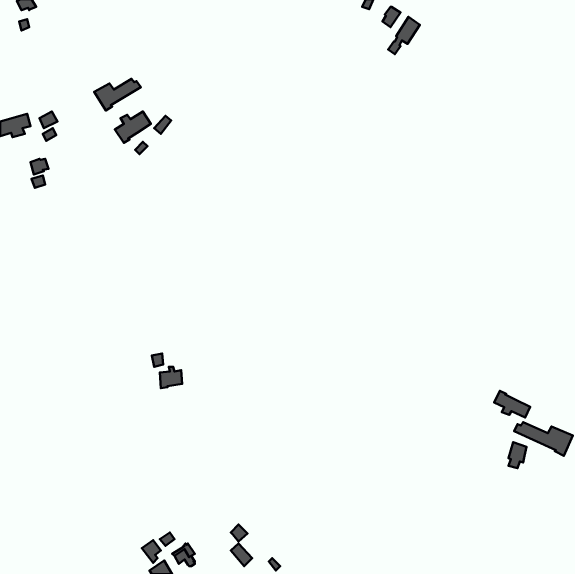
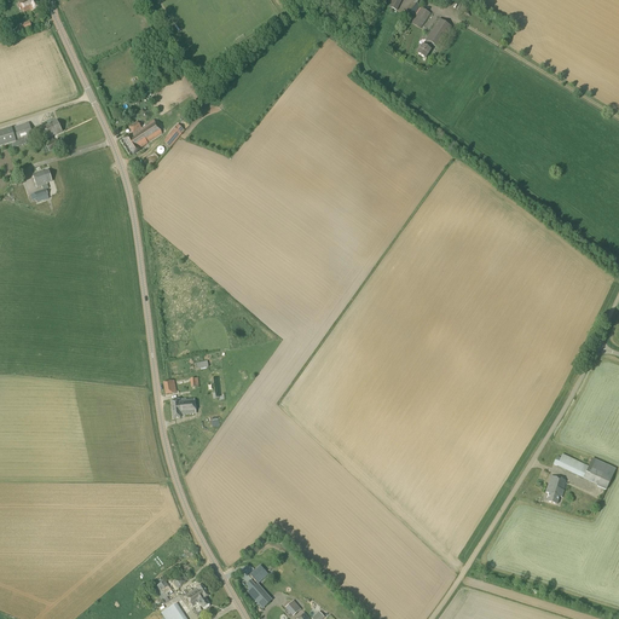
building: [94,79,141,111] -> none
building: [494,391,530,418] -> none

